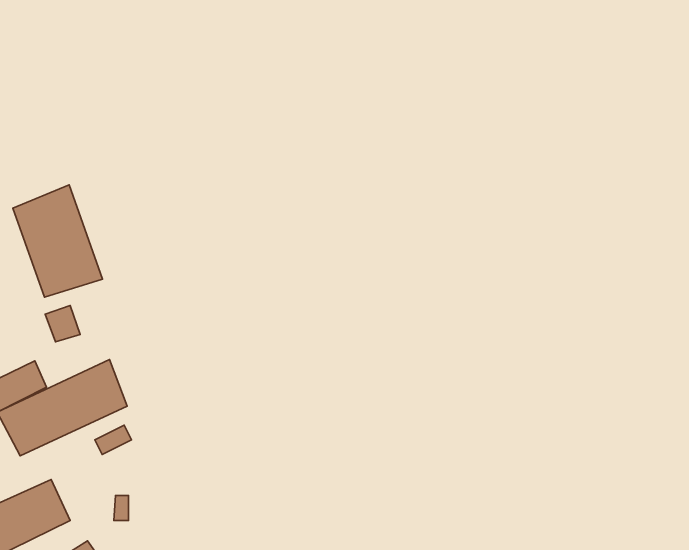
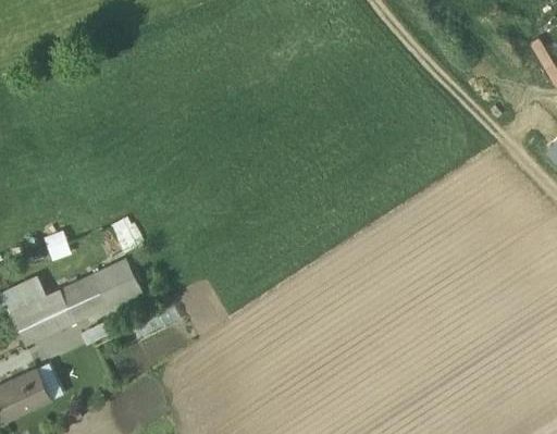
building: [13,185,102,297] -> none
building: none -> [91,258,140,310]

